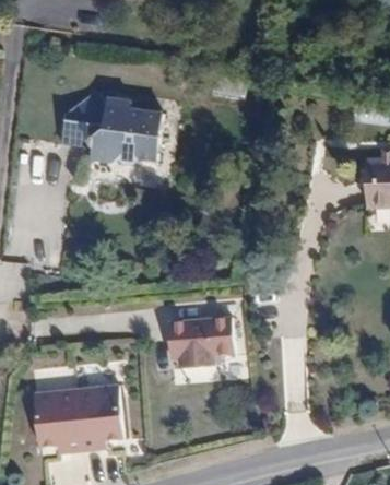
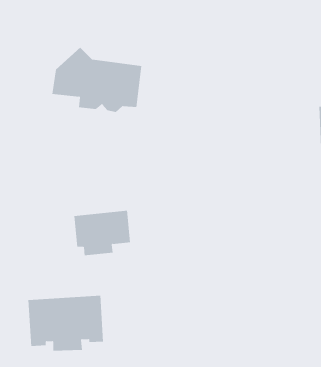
building: [169,316,235,368] -> [73,210,131,256]

